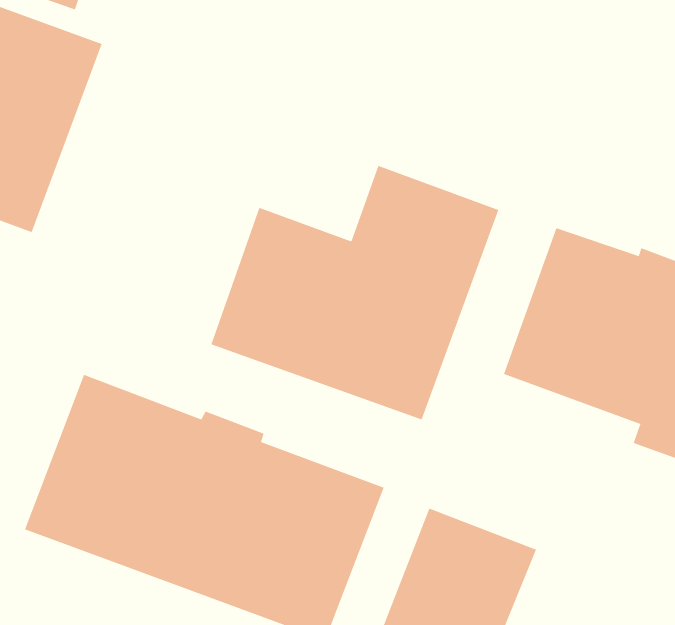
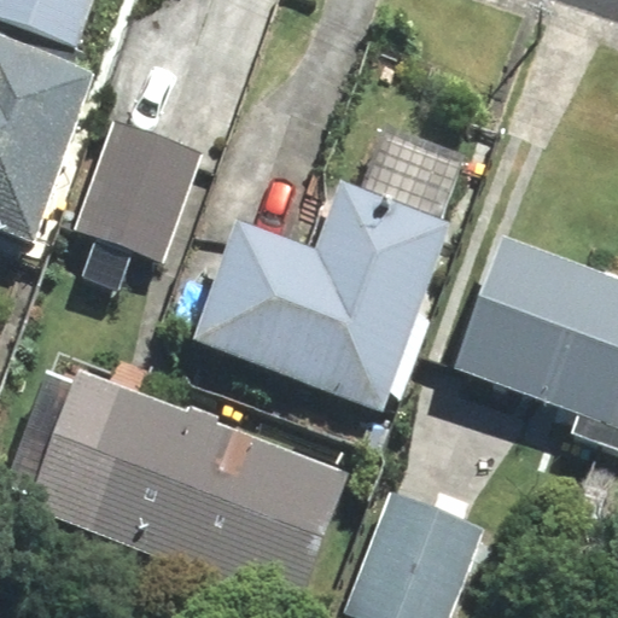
building: none -> [72,117,203,261]

